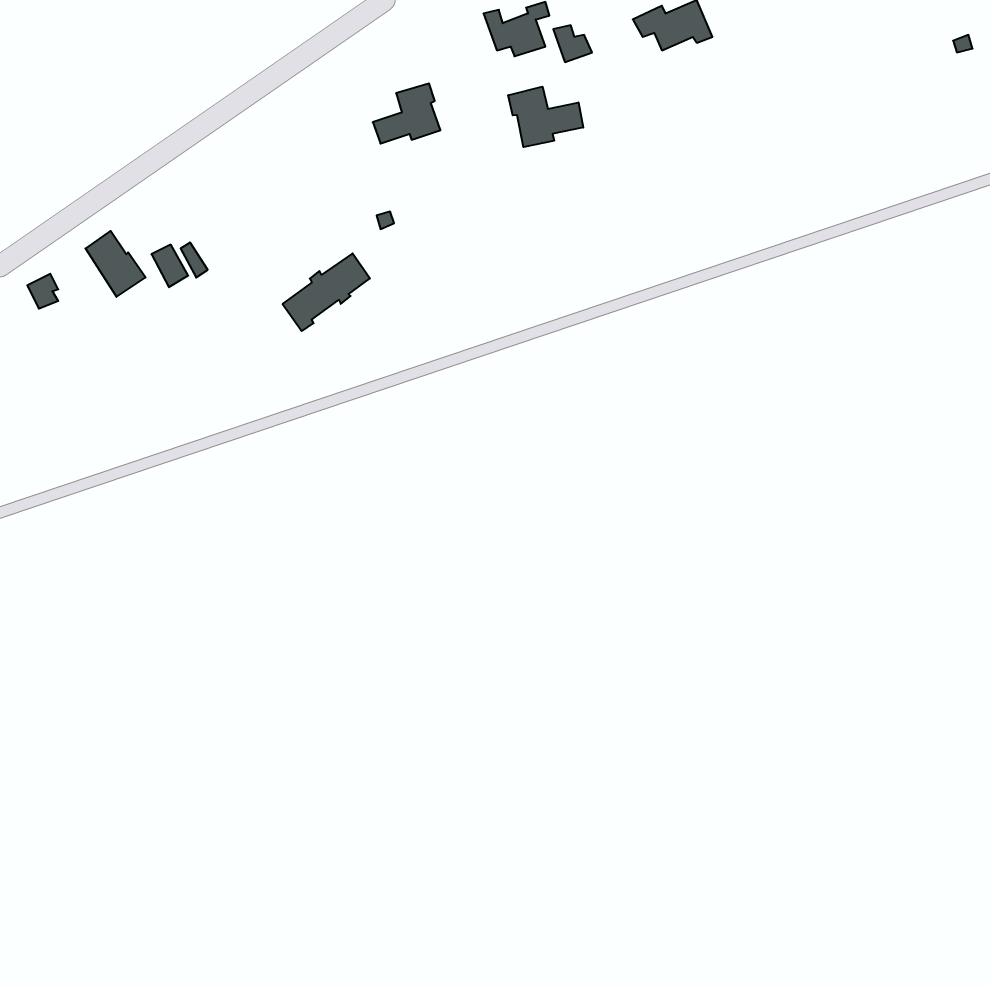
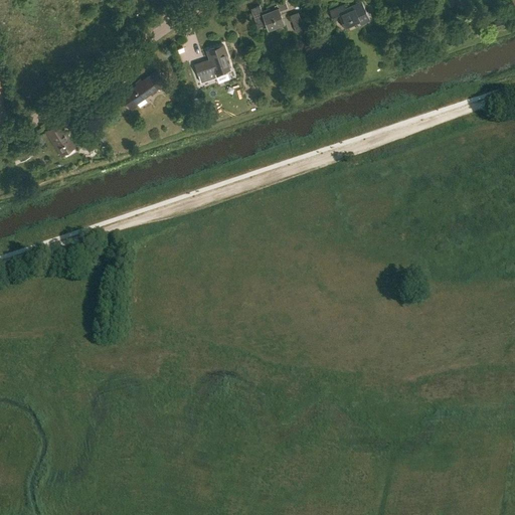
building: [508,87,583,147] -> none
building: [283,253,370,331] -> [122,71,167,112]

